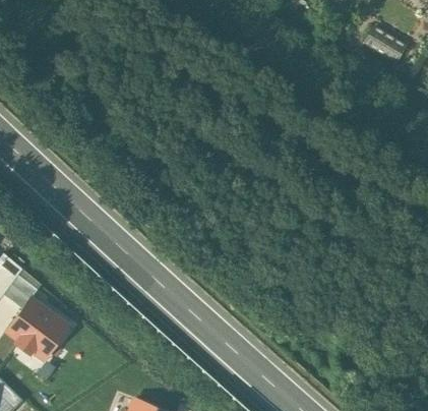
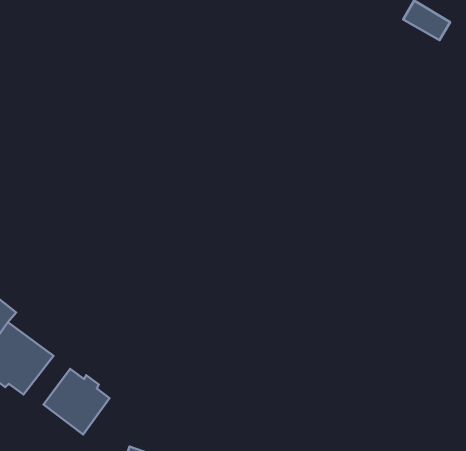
building: none -> [43,369,109,435]

